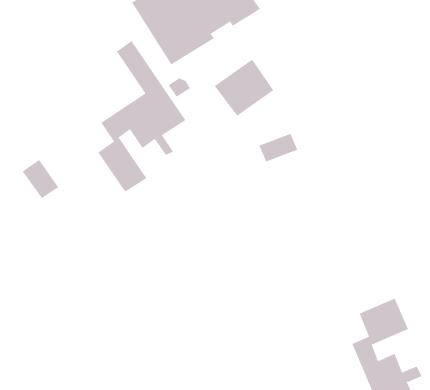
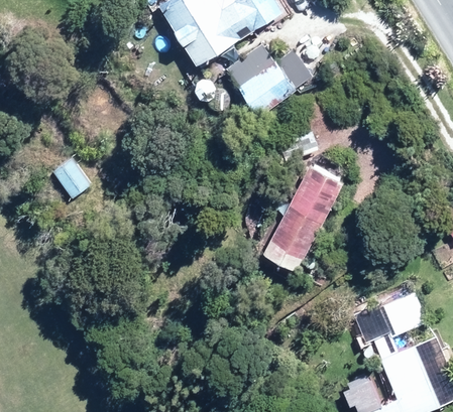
building: [97,40,186,193] -> none
building: none -> [264,164,344,270]

